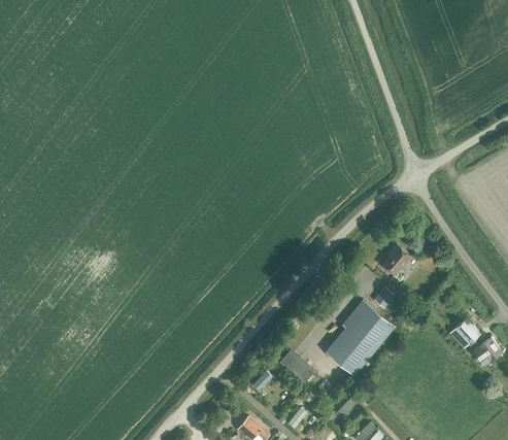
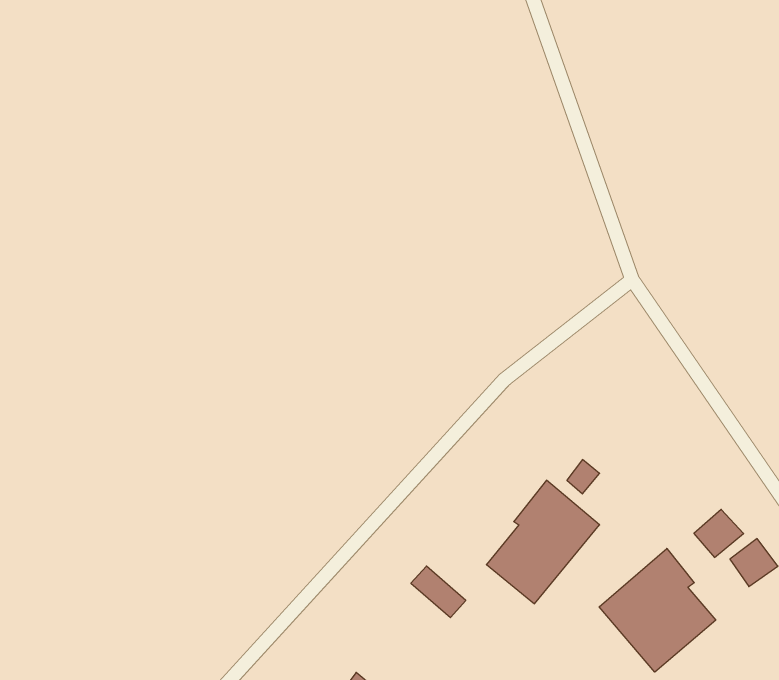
building: [382,245,410,276] -> none
building: none -> [599,548,716,672]

